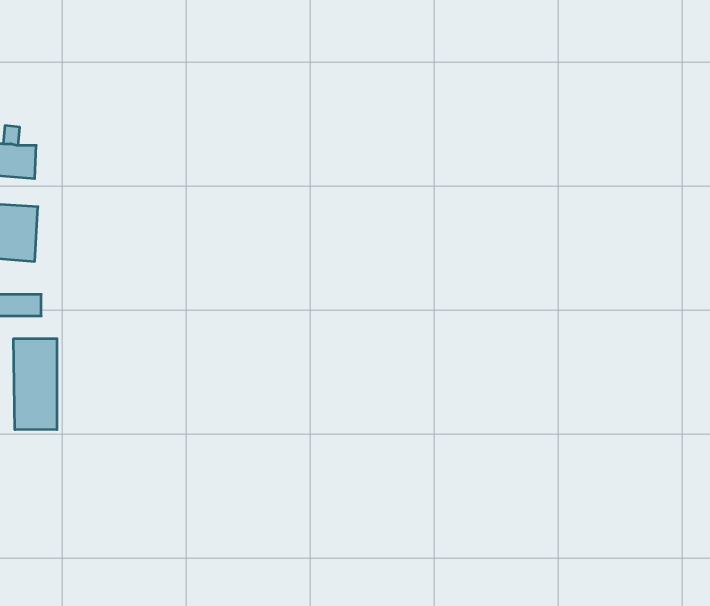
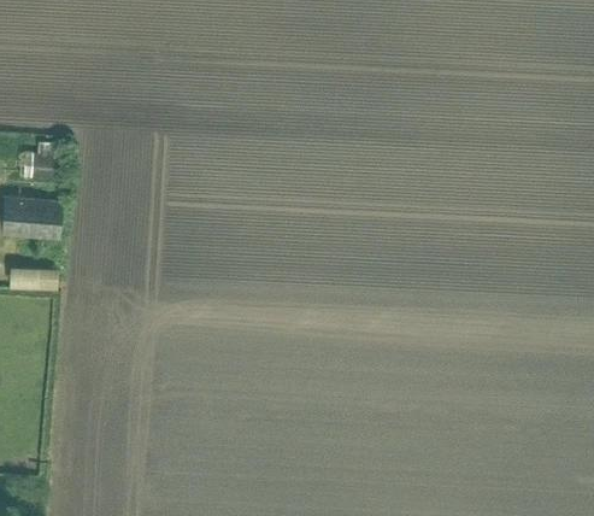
building: [14,339,57,430] -> none

